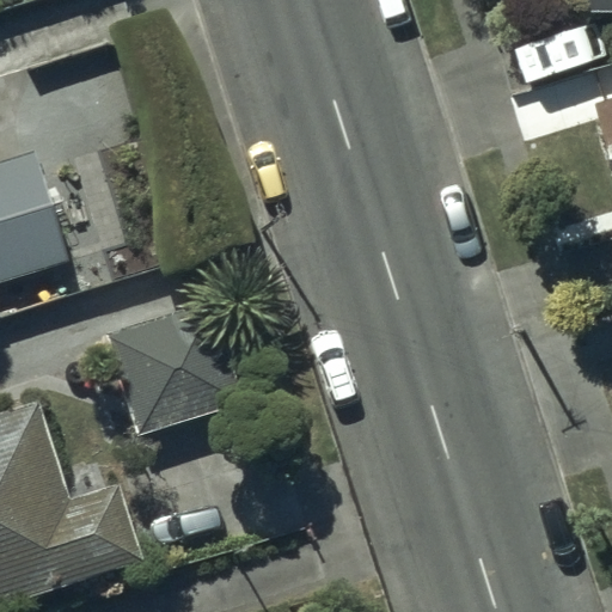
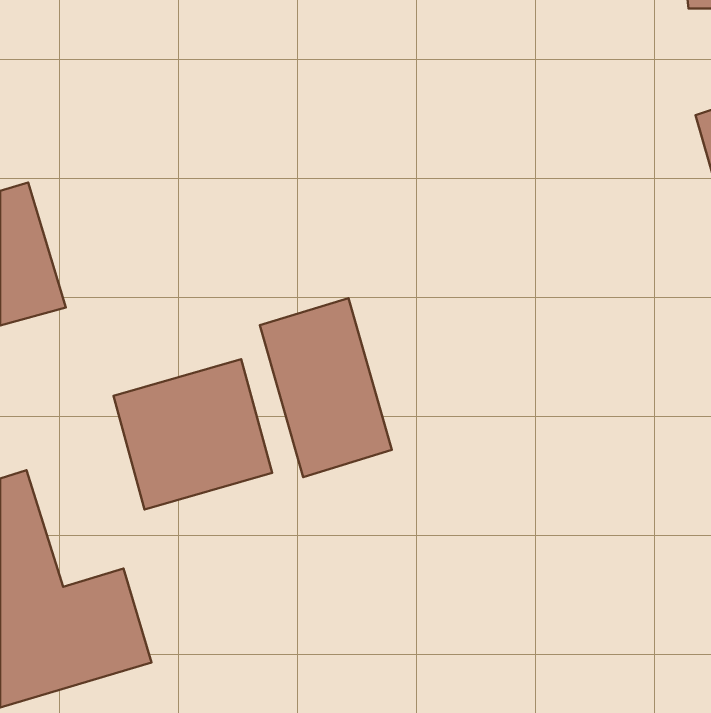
building: none -> [260,298,392,477]

